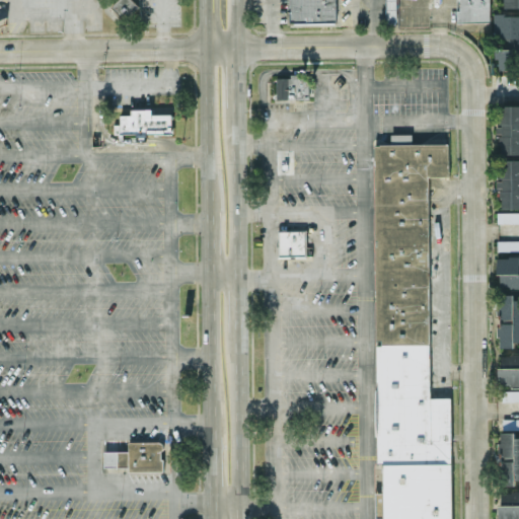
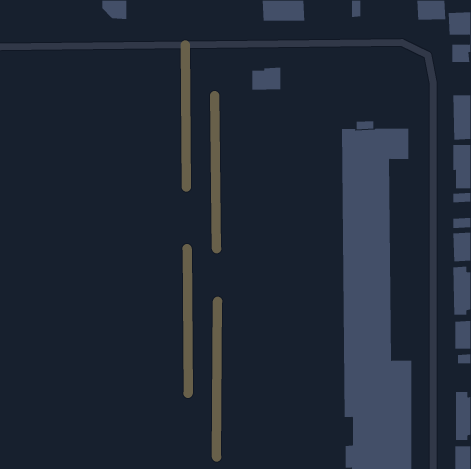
building: [114,110,172,139] -> none
building: [279,229,306,257] -> none
building: [104,441,164,471] -> none

